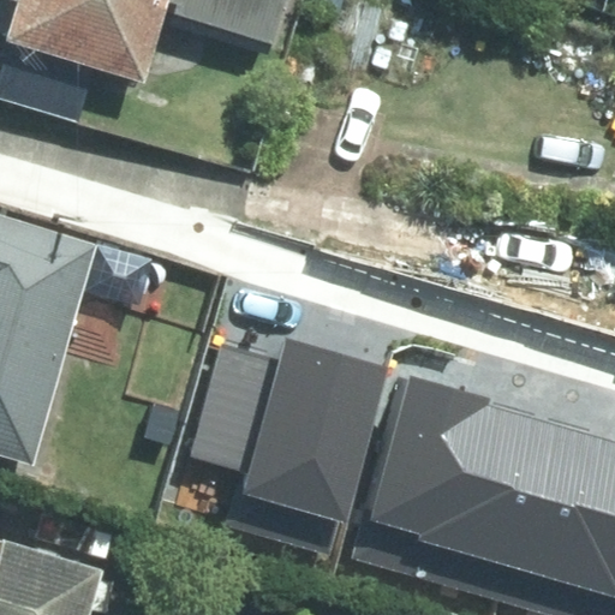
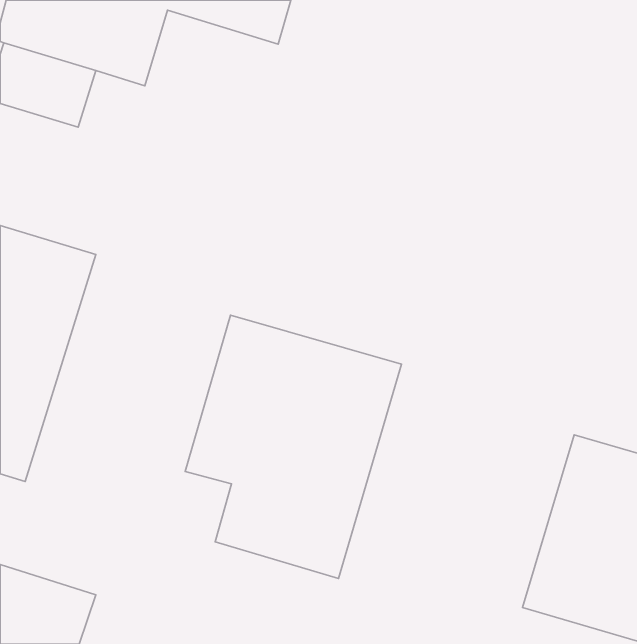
building: [363,372,554,579] -> none

